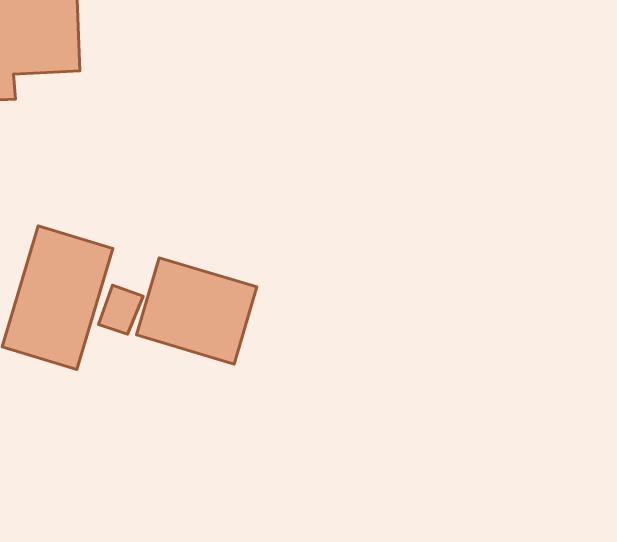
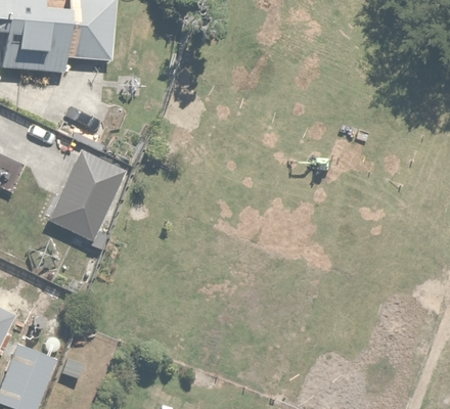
building: [137,258,257,364] -> none

